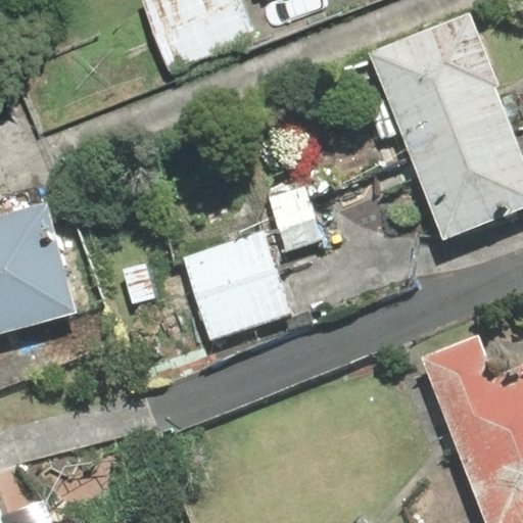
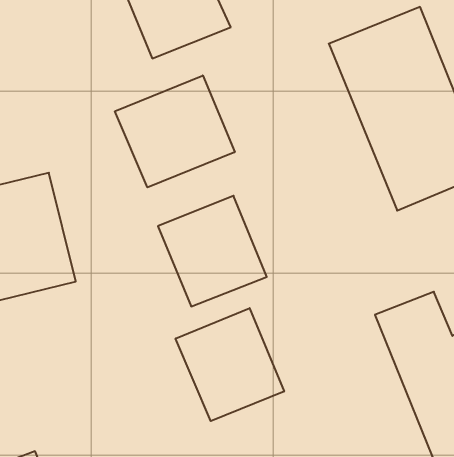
building: none -> [115,75,235,187]
building: none -> [176,308,284,421]

